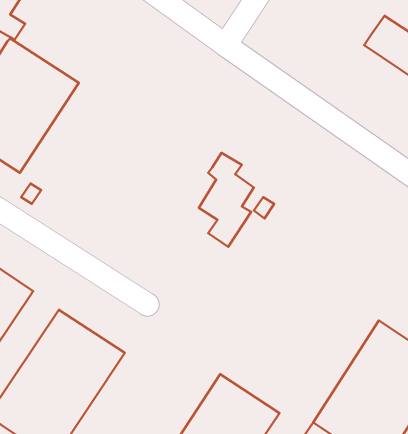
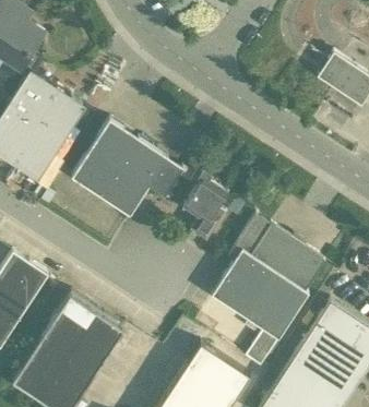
building: none -> [72,120,183,215]
building: none -> [212,220,325,358]

